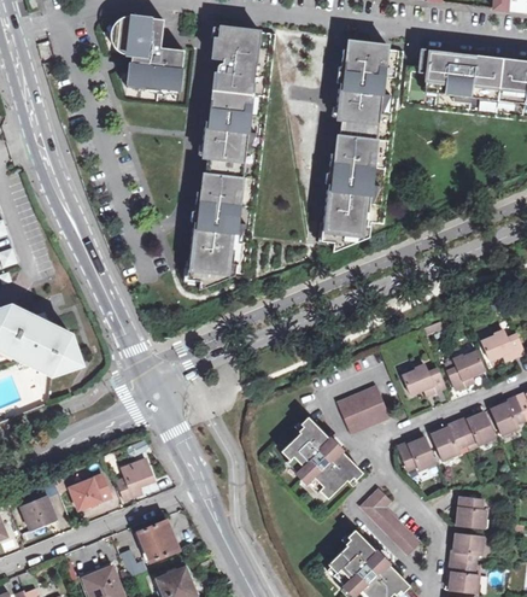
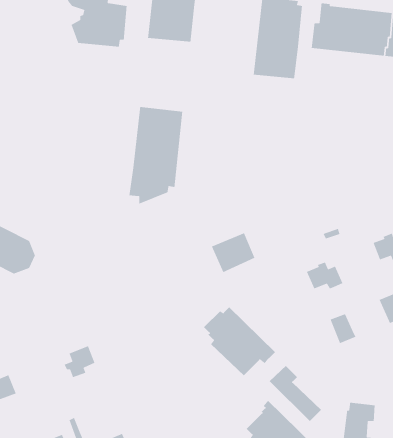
building: [200,90,263,178] -> none
building: [323,135,388,253] -> none
building: [444,347,488,390] -> none
building: [335,384,390,433] -> [211,232,256,273]
building: [450,409,498,449] -> none
building: [397,434,438,470] -> none
building: [65,476,106,511] -> none
building: [456,494,490,528] -> none
building: [134,522,174,562] -> none

